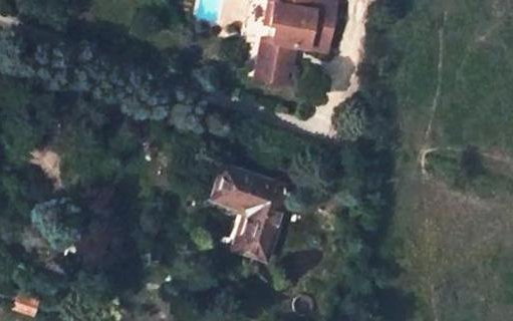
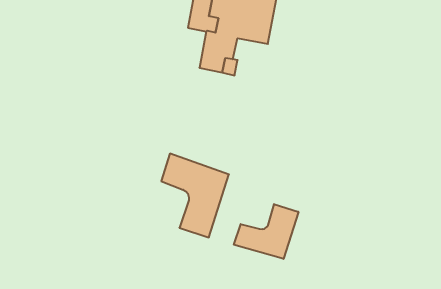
building: none -> [234,204,298,259]

